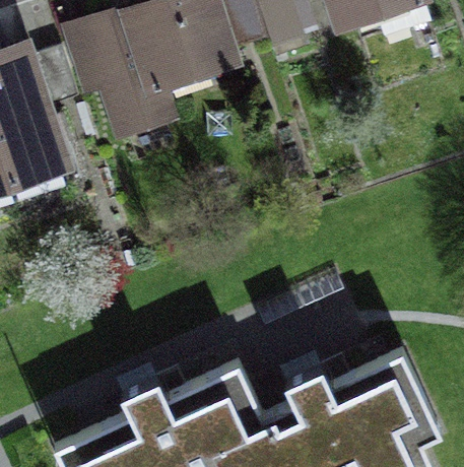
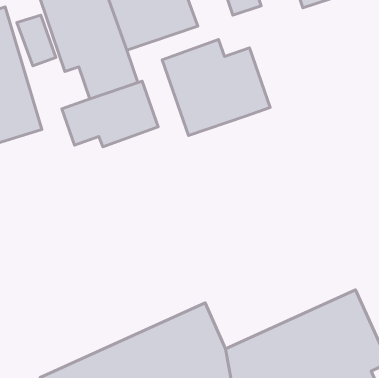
building: none -> [162,40,270,136]
building: none -> [62,81,158,147]

